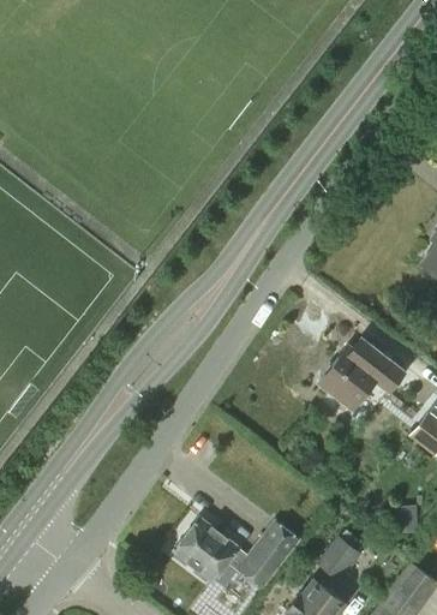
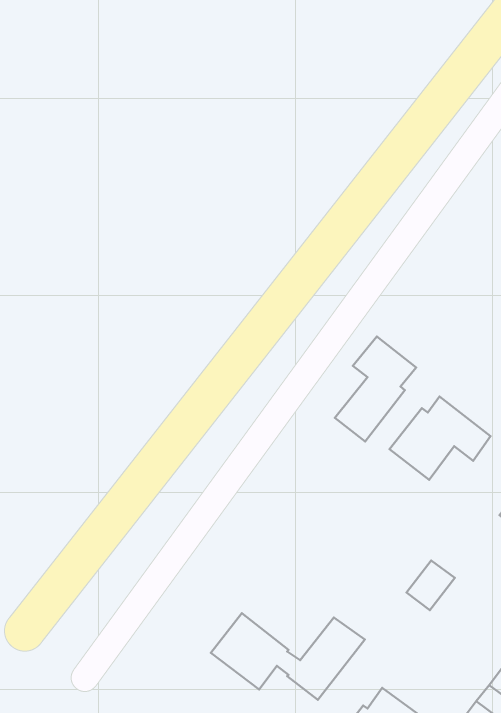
building: none -> [335,336,416,442]
building: [319,538,359,579] -> [406,560,455,610]

